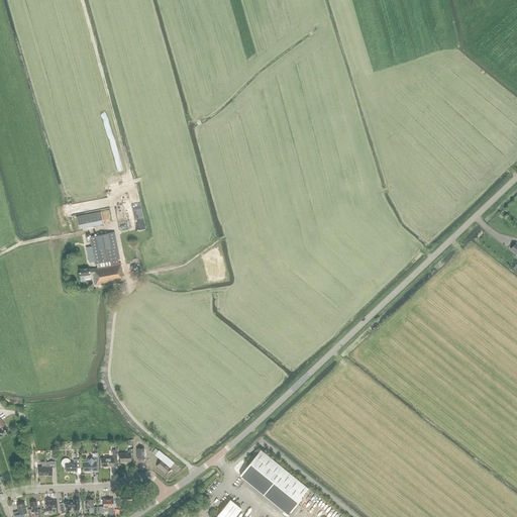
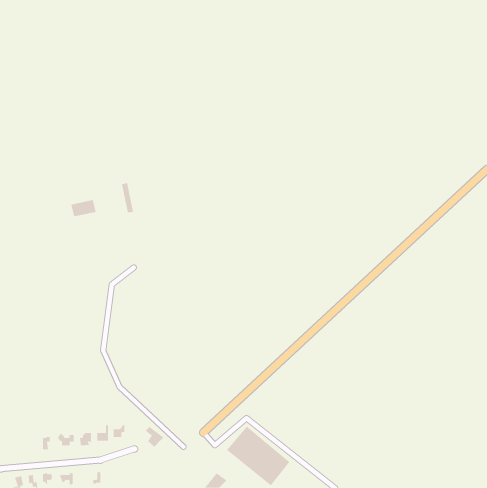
building: [78,231,122,286] -> none

